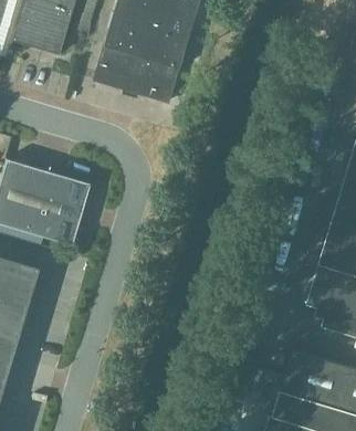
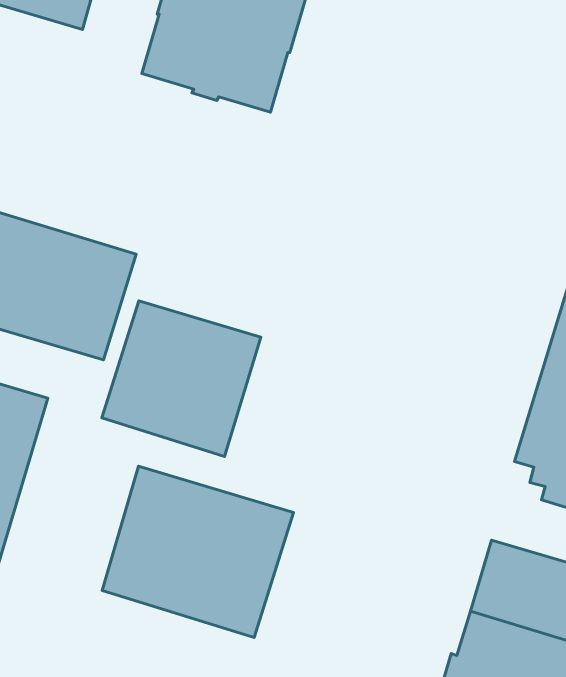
building: none -> [102,301,261,457]
building: none -> [102,466,294,637]

